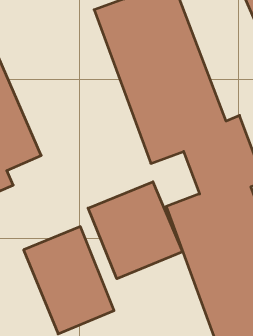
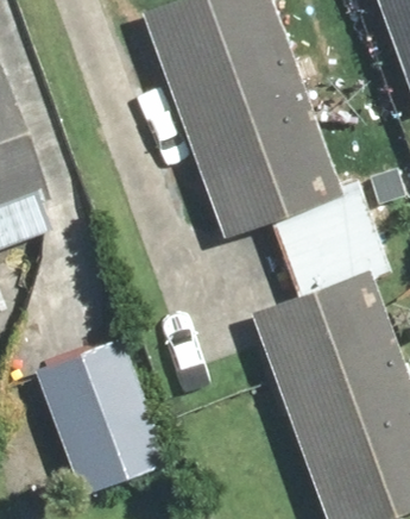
building: [88,182,183,279] -> none

